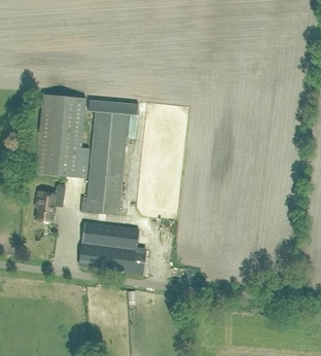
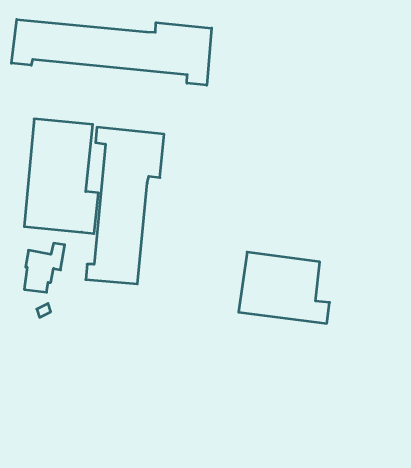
building: none -> [11,19,212,85]
building: [78,220,145,273] -> [239,252,330,323]

